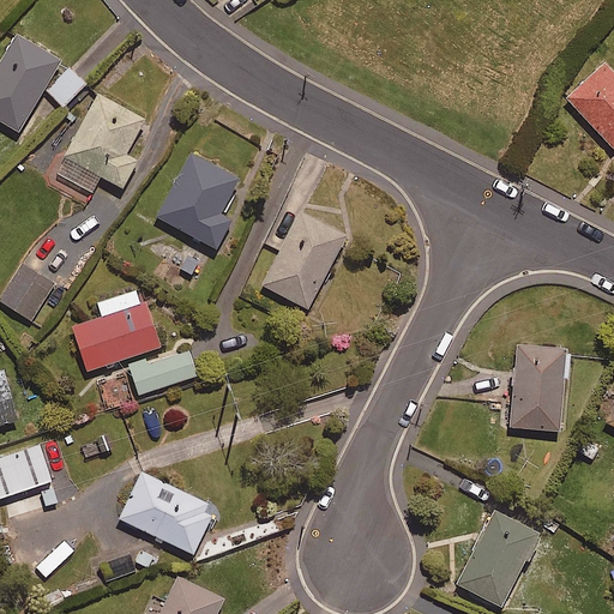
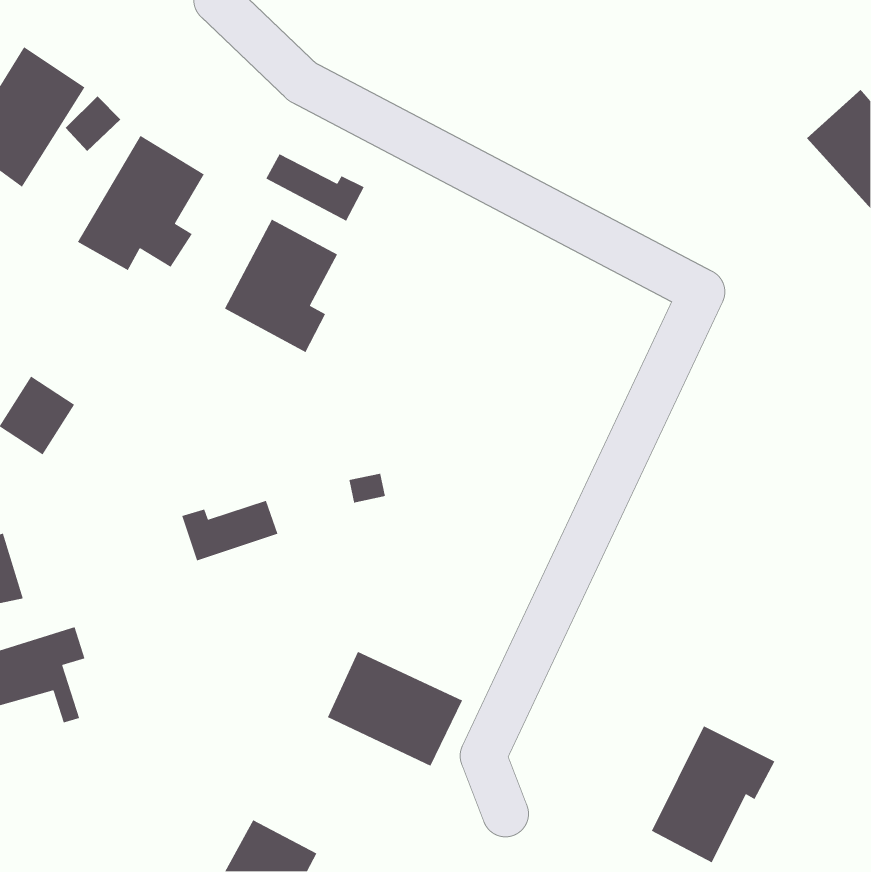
building: none -> [265,153,365,222]
building: [260,204,345,308] -> none
building: [72,293,158,369] -> none
building: [510,344,571,431] -> none
building: [119,472,215,554] -> [327,651,463,767]

